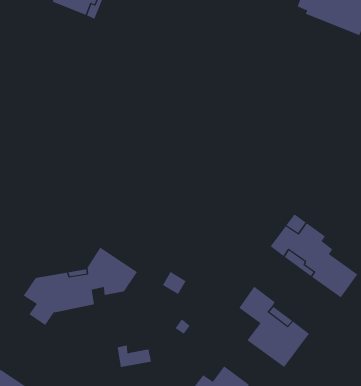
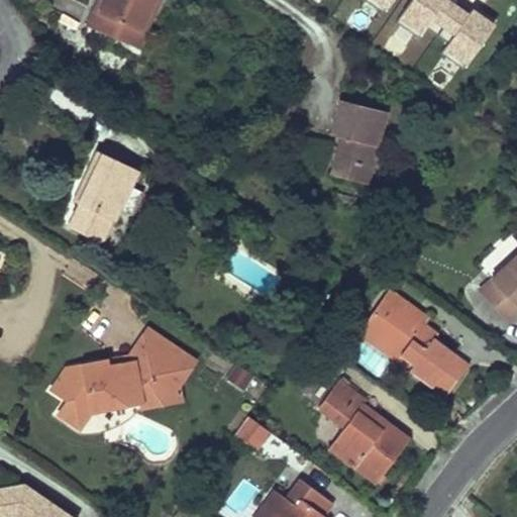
building: none -> [331,99,386,184]
building: none -> [70,150,137,241]
building: [117,345,152,367] -> [137,382,181,410]

